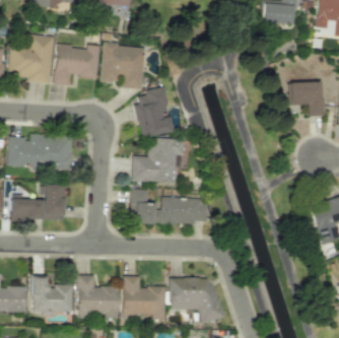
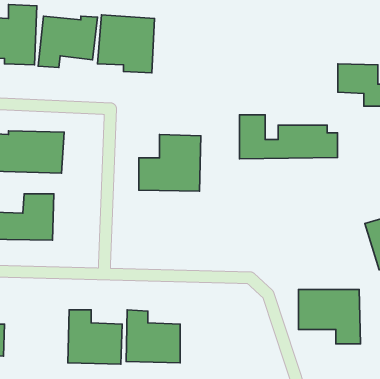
building: [136,87,173,136] -> none
building: [131,189,208,223] -> [240,115,338,159]
building: [31,276,73,316] -> none
building: [171,277,219,320] -> [298,290,360,344]

